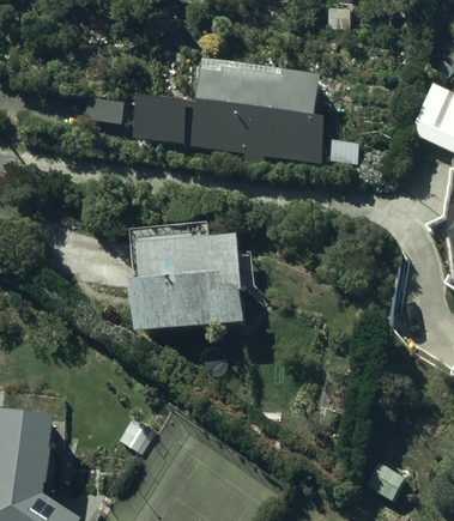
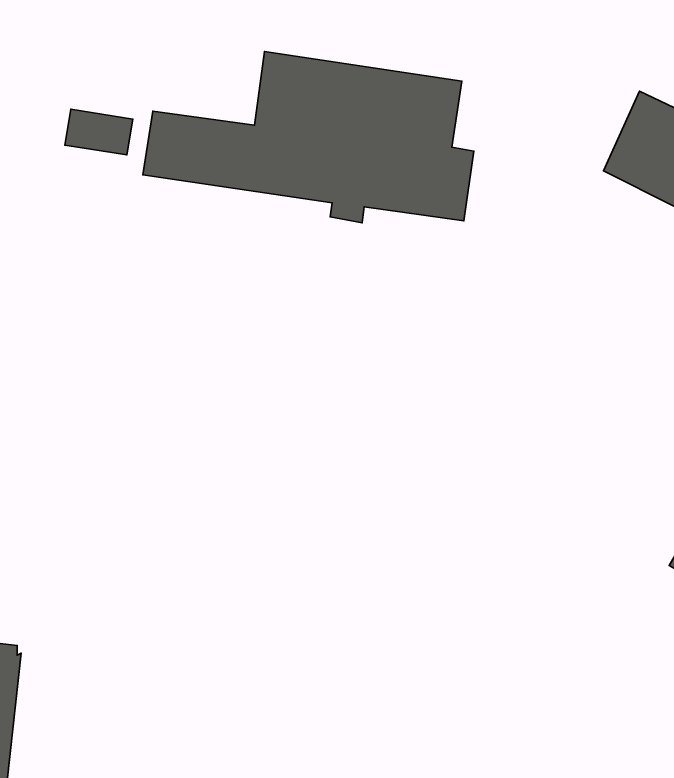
building: [132,236,247,331] -> none

